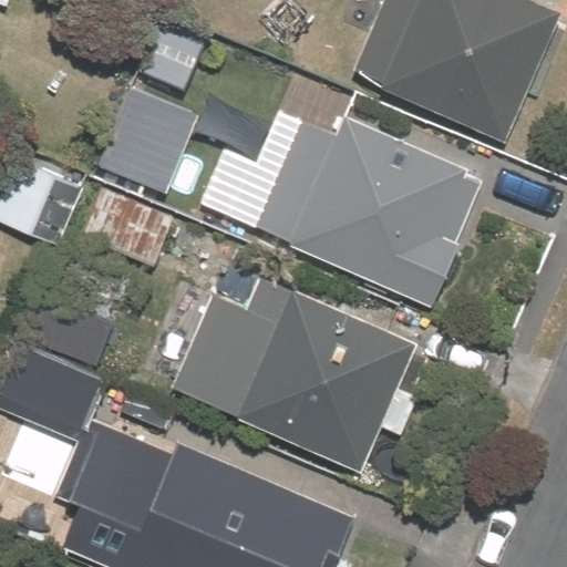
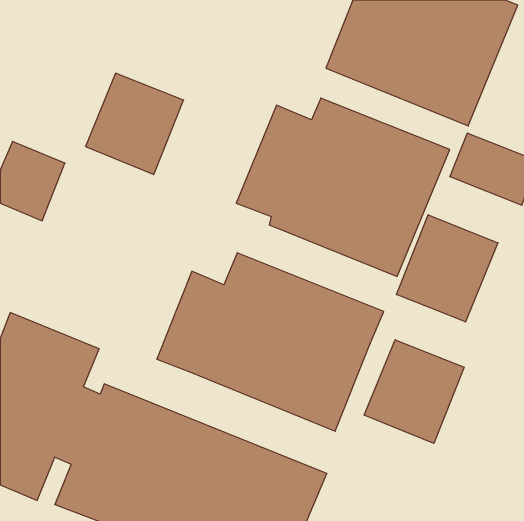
building: none -> [396,215,498,322]
building: none -> [364,340,464,443]

